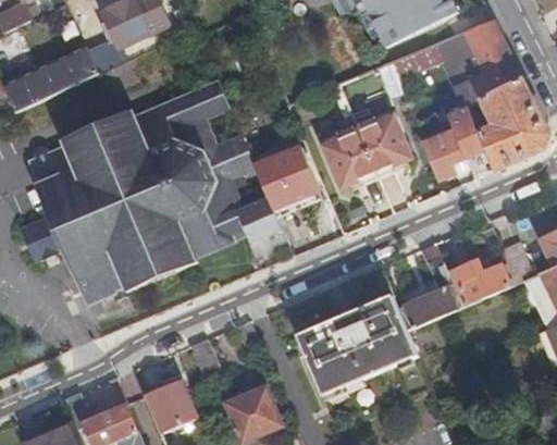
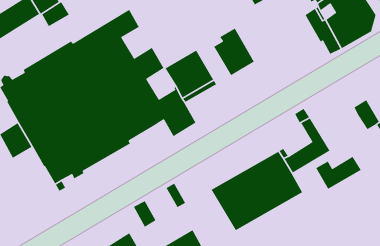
building: [355,113,410,172] -> none
building: [422,128,466,180] -> none
building: [451,261,513,302] -> [315,156,362,190]

